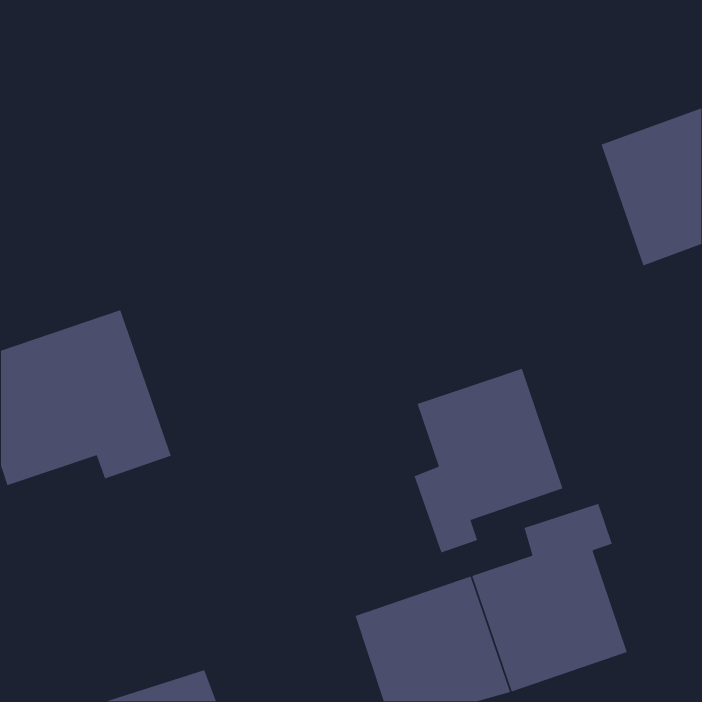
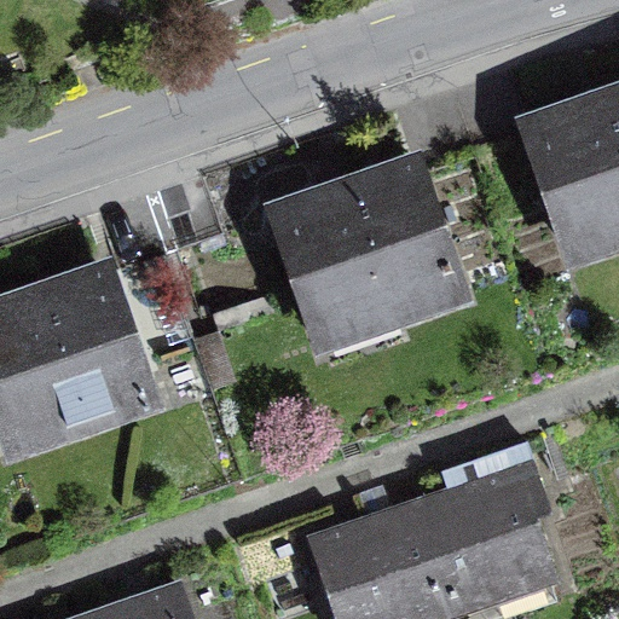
building: none -> [277,163,459,320]
building: [413,368,563,553] -> none

